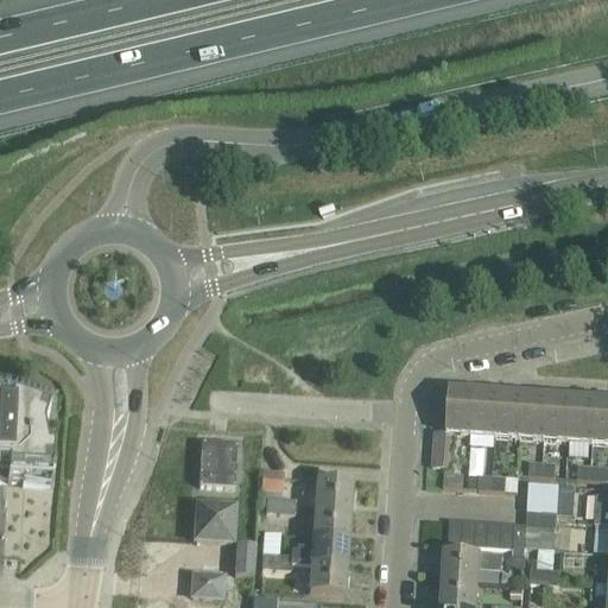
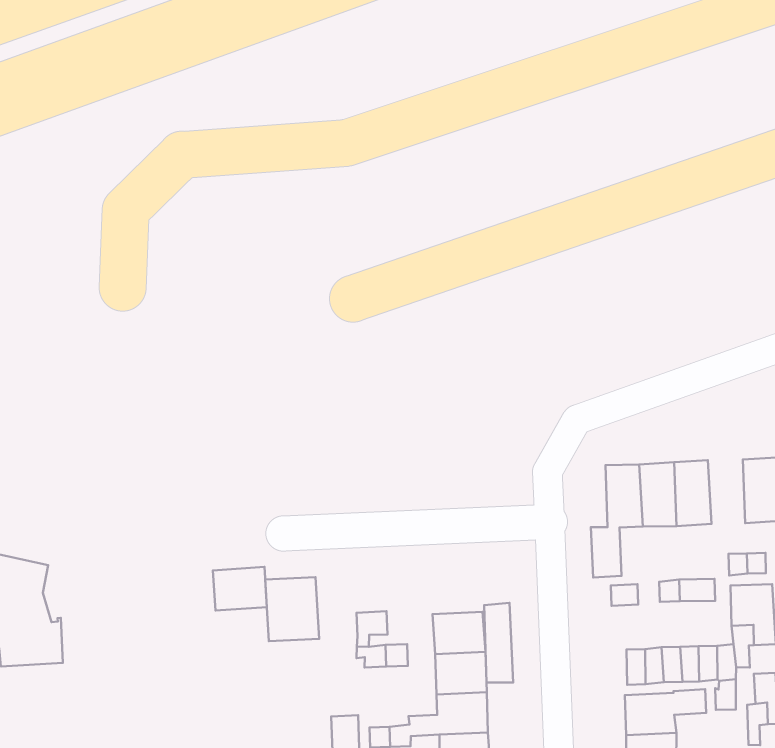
building: [520,390,547,437] -> none
building: none -> [213,567,267,611]
building: none -> [484,603,513,683]
building: [195,501,234,539] -> none

